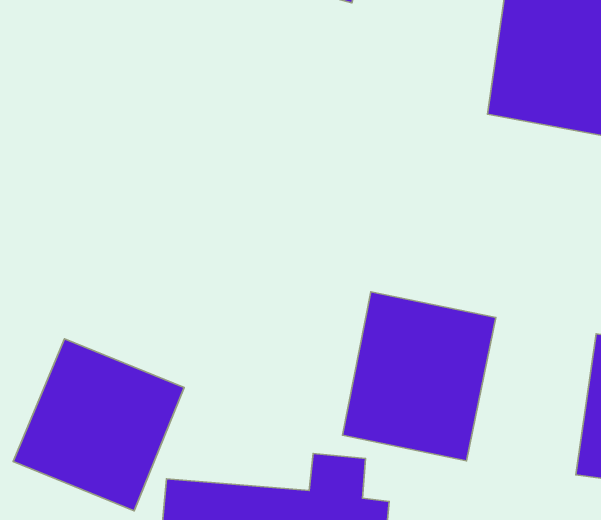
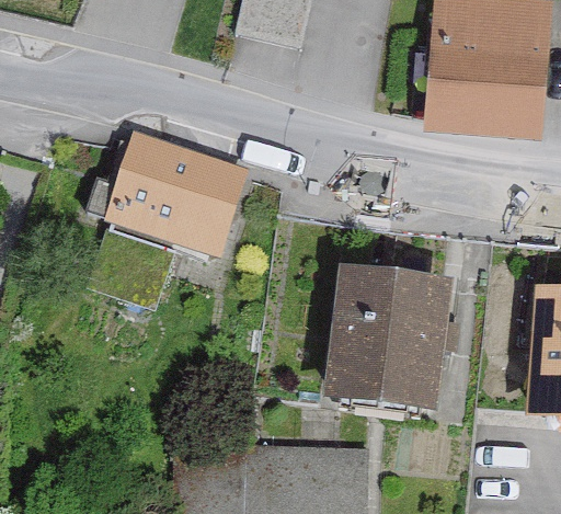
building: none -> [89,129,254,306]
building: [13,339,184,511] -> none

